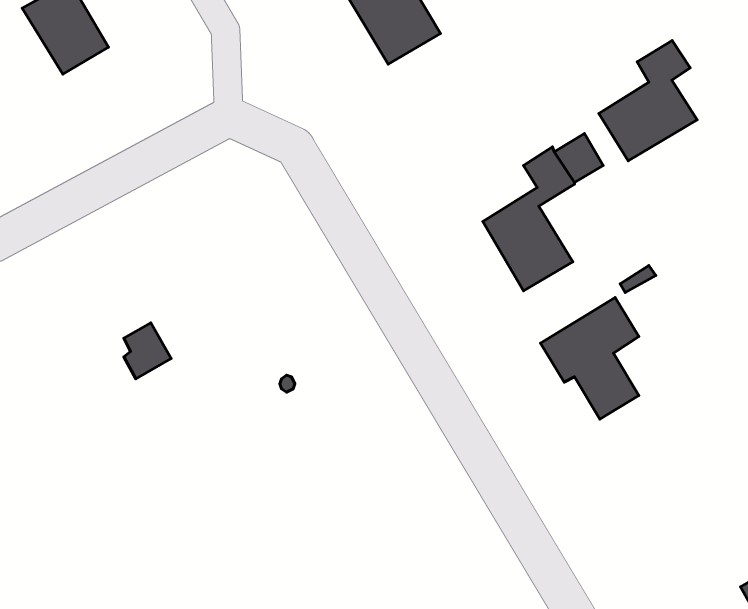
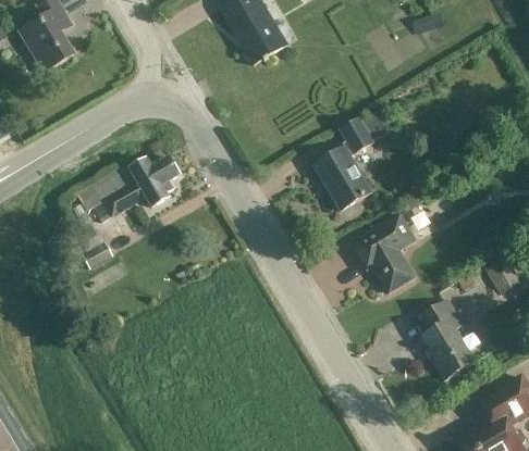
building: [599,41,697,161] -> none
building: none -> [74,155,180,222]
building: none -> [420,299,475,379]

